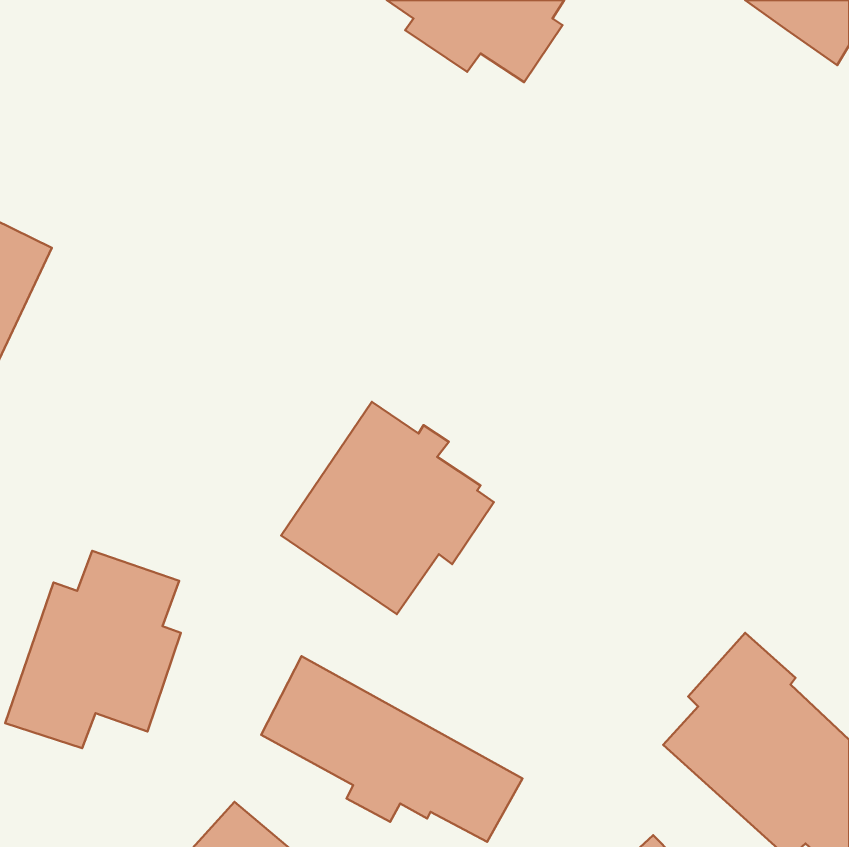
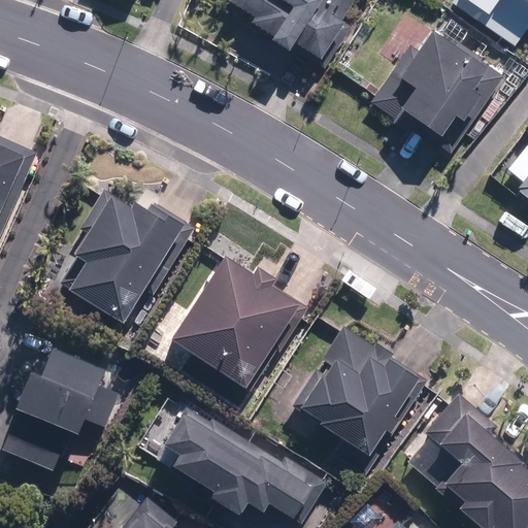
building: none -> [367,26,503,135]
building: none -> [72,189,192,324]
building: none -> [295,327,421,454]

